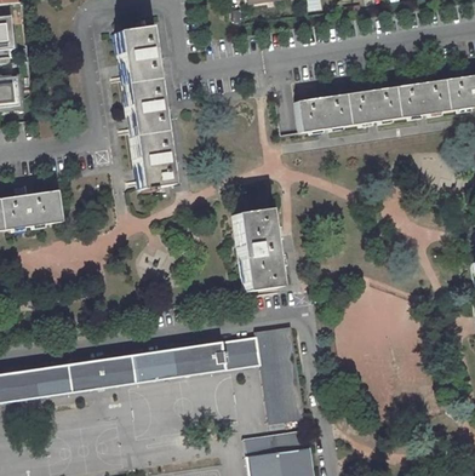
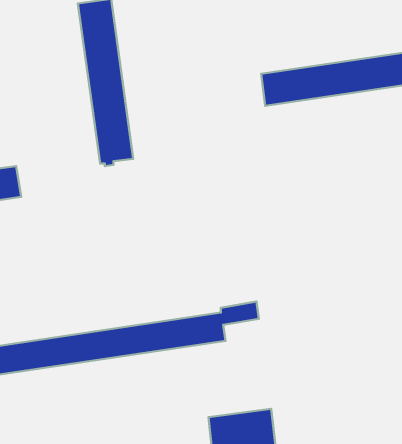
building: [234,208,279,291] -> none
building: [259,342,304,423] -> none

